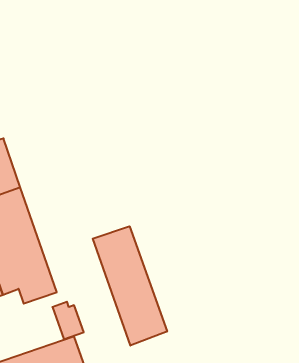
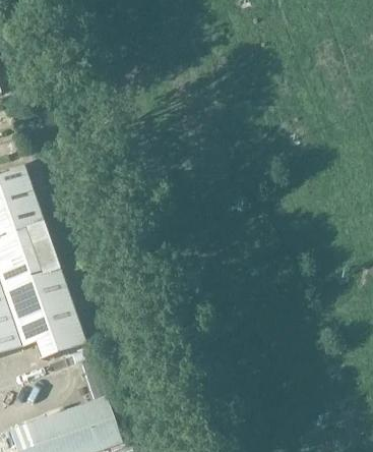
building: [93,226,167,346] -> none

